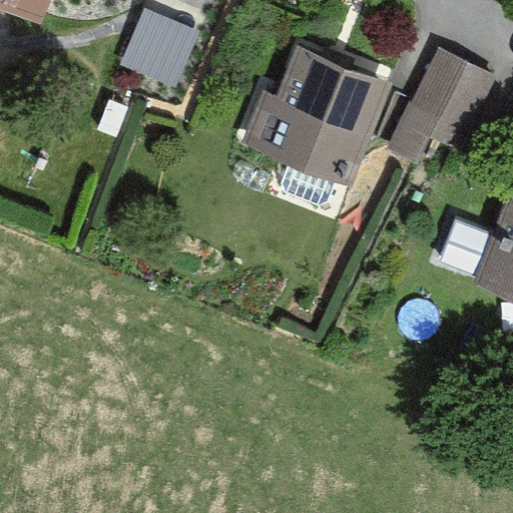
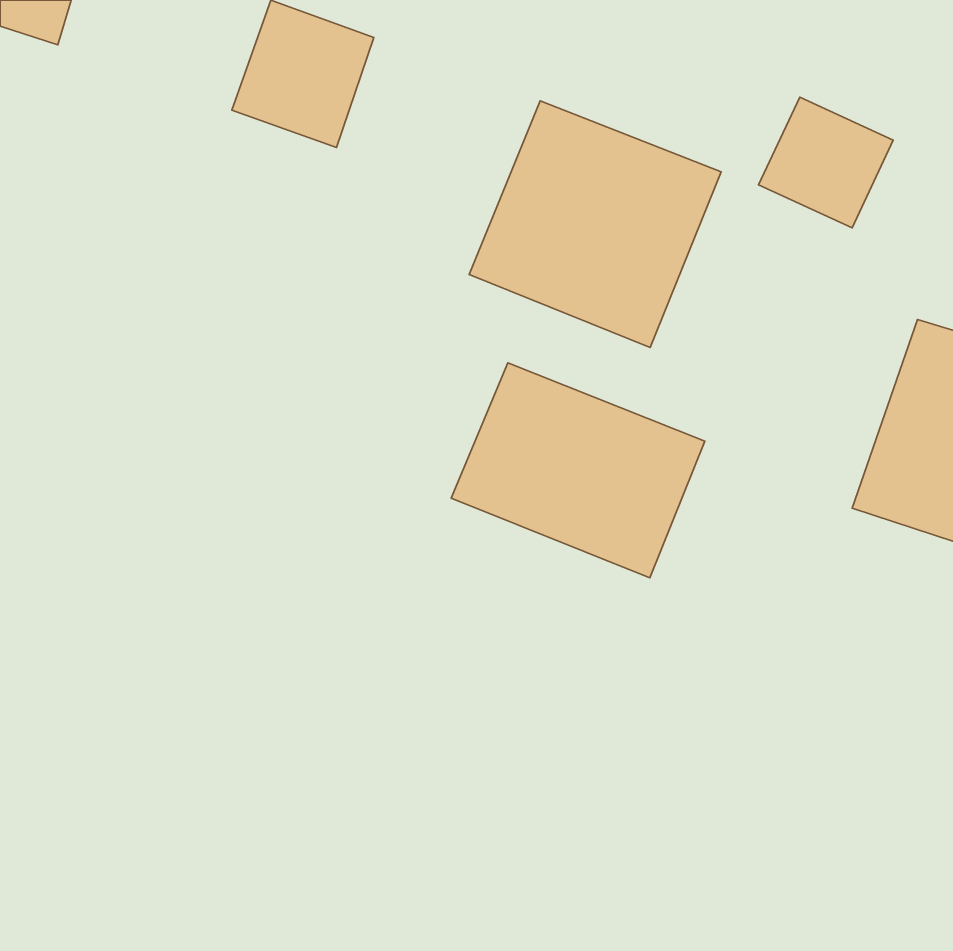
building: none -> [451,363,705,578]

